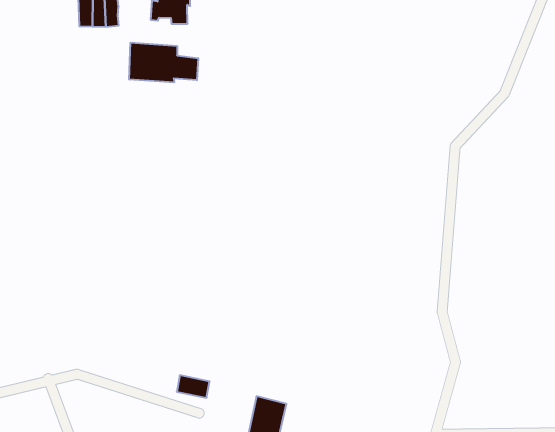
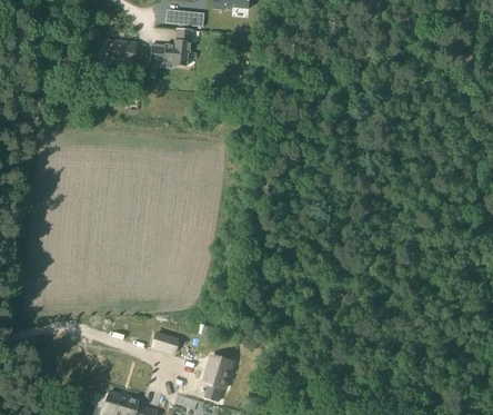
building: [129,43,198,82] -> none

